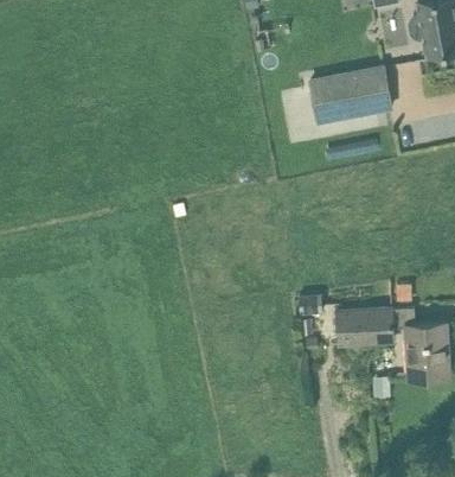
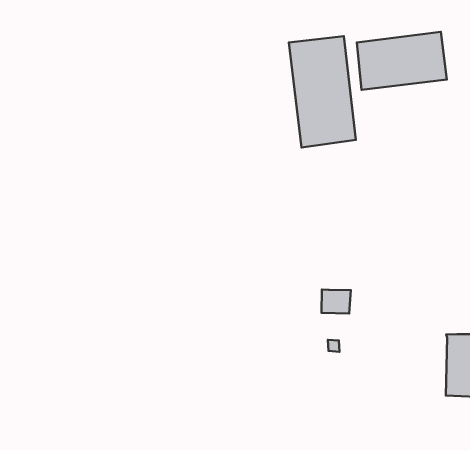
building: none -> [289,36,356,148]
building: [334,306,395,348] -> none

